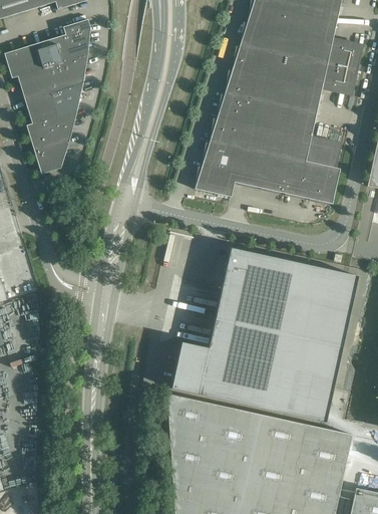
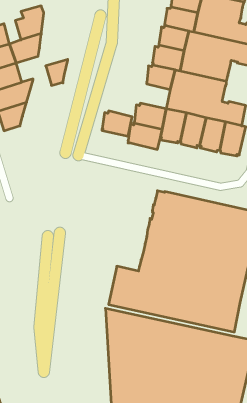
building: [41,38,62,67] -> none
building: [56,82,83,114] -> [46,59,68,85]
building: [210,116,247,148] -> [102,111,132,136]

